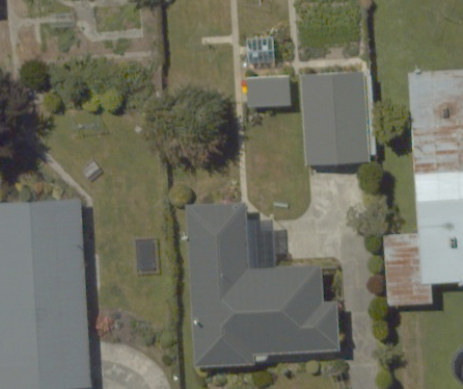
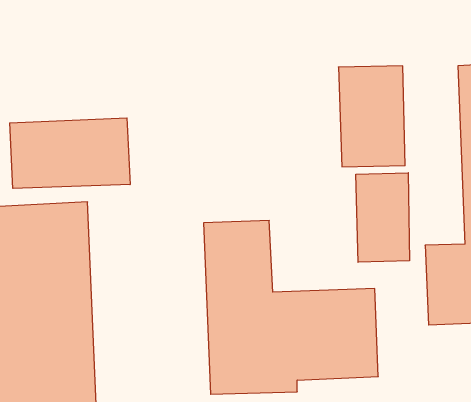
building: none -> [10,118,130,188]
building: none -> [356,173,409,262]

